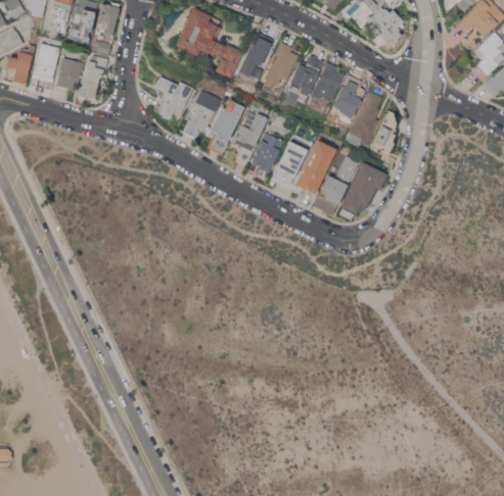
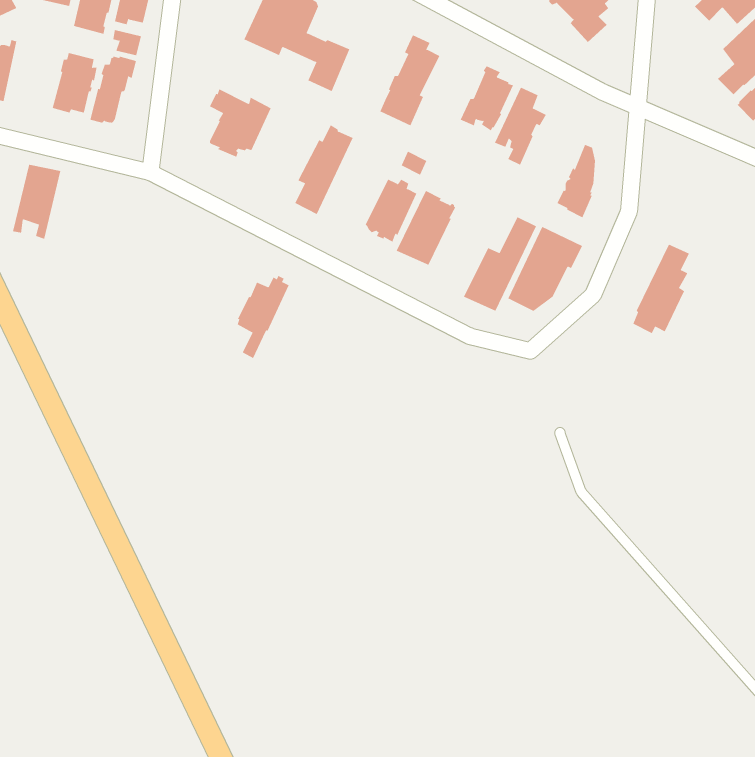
building: [238,34,274,82] -> none
building: [30,44,60,91] -> [12,164,61,240]
building: [284,55,323,106] -> none
building: [182,90,221,138] -> none
building: [346,91,381,147] -> [632,244,690,334]
building: [234,112,267,164] -> [237,275,289,359]
building: [294,140,336,194] -> none

